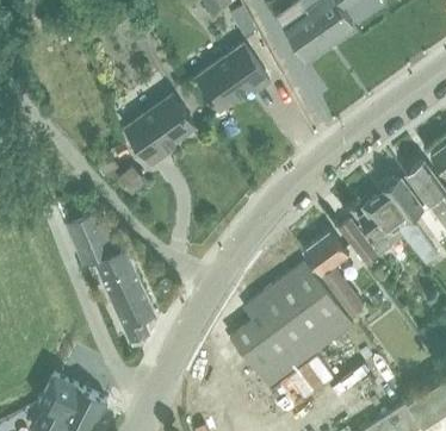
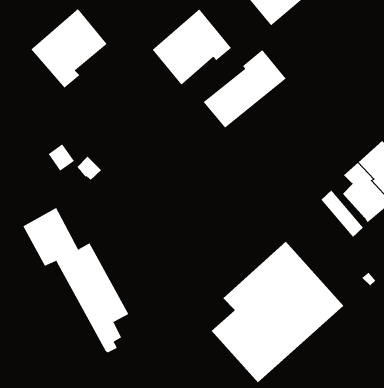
building: none -> [203,49,287,129]
building: [128,95,198,167] -> [30,8,108,89]
building: [303,232,363,318] -> none

